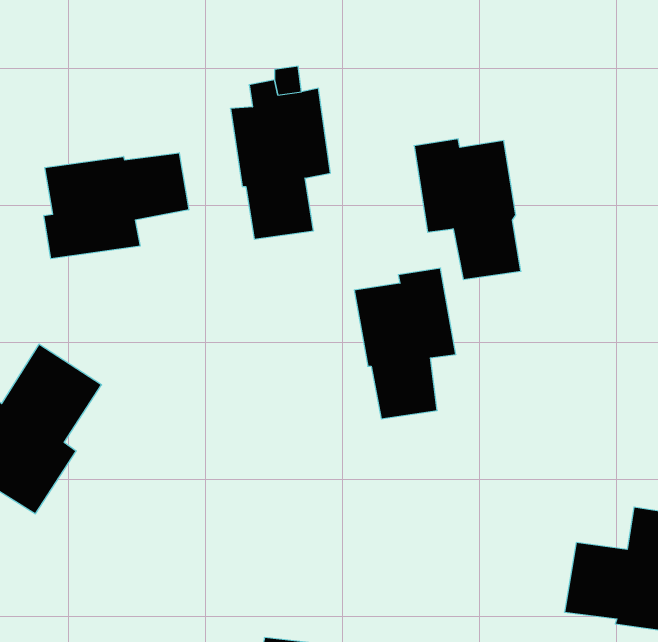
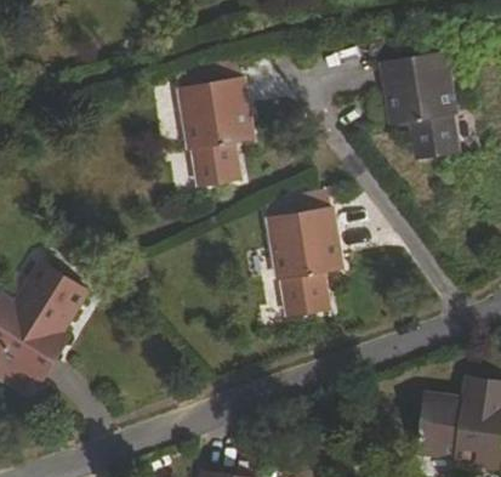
building: [414,139,521,280] -> [382,56,459,157]
building: [44,153,189,259] -> none

